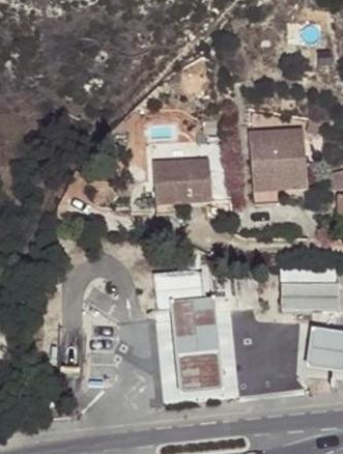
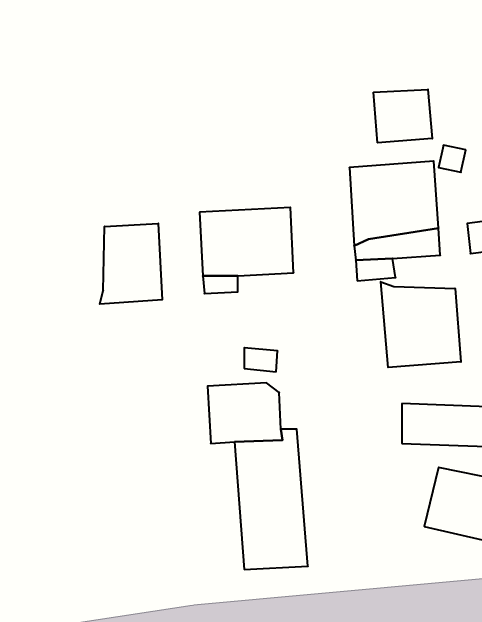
building: none -> [374,89,432,143]
building: none -> [100,223,162,304]
building: none -> [381,282,461,367]

